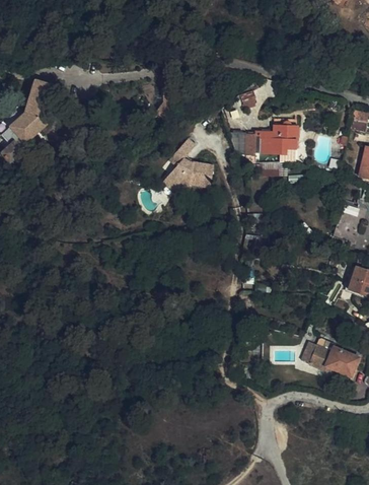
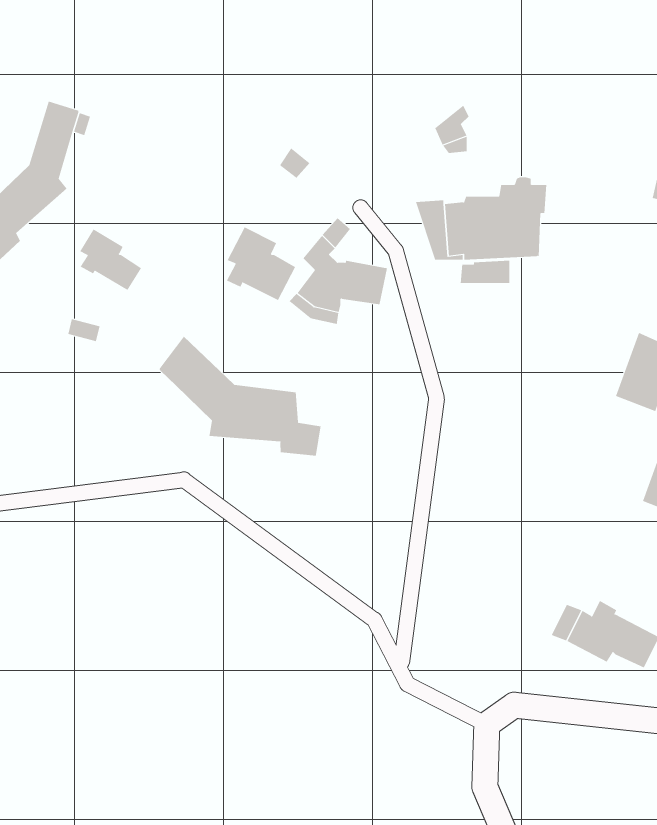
building: none -> [226,227,296,301]
building: none -> [79,229,142,291]
building: none -> [159,336,321,457]

